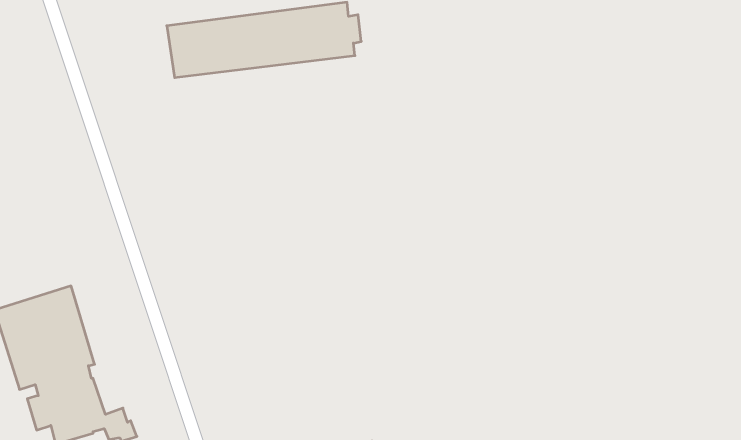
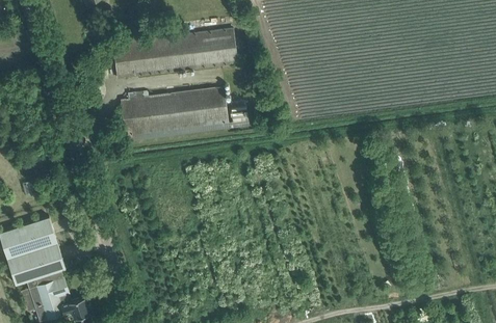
building: none -> [120,86,249,140]

